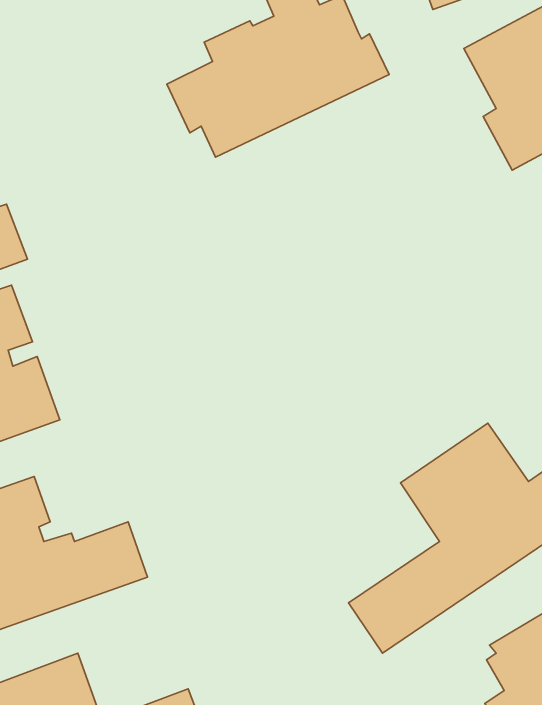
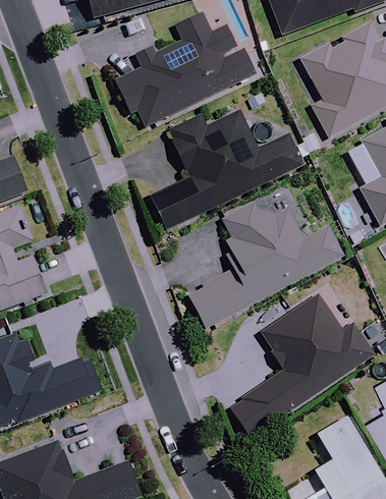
building: none -> [148,109,302,231]
building: none -> [185,201,339,329]

